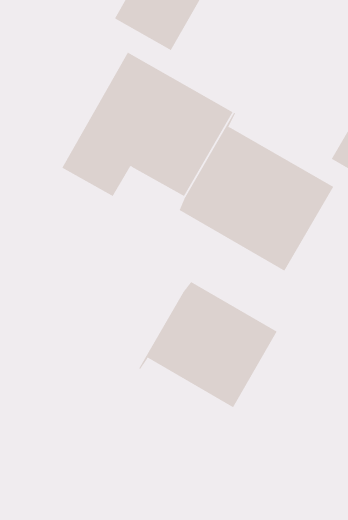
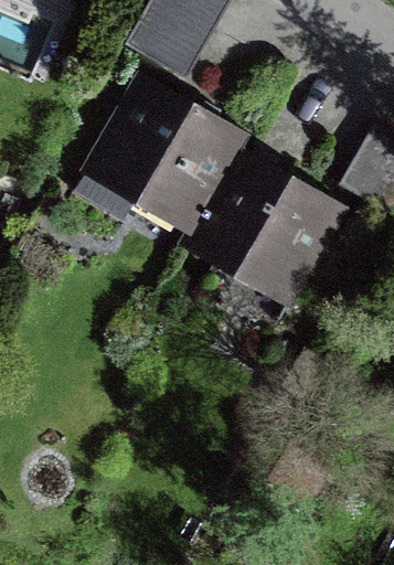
building: [139,281,278,408] -> none

